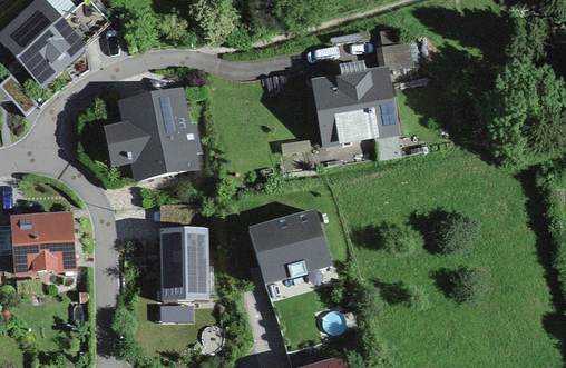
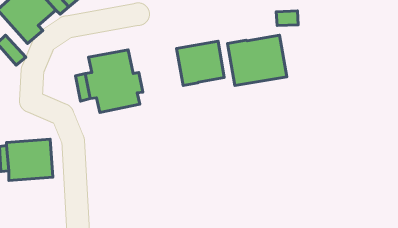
building: none -> [177,41,224,86]
building: [247,209,331,284] -> none
building: [163,231,208,301] -> none

